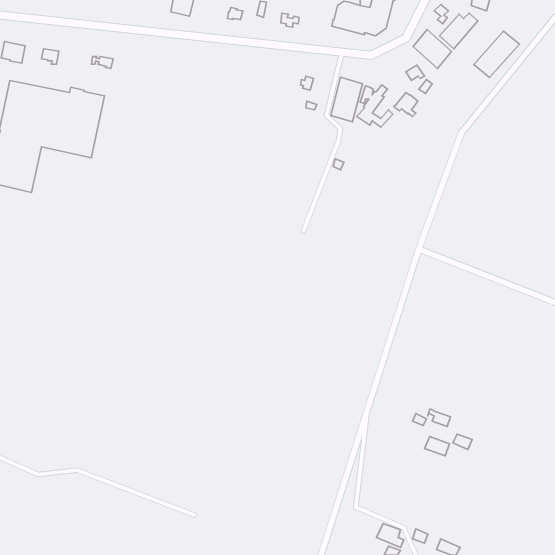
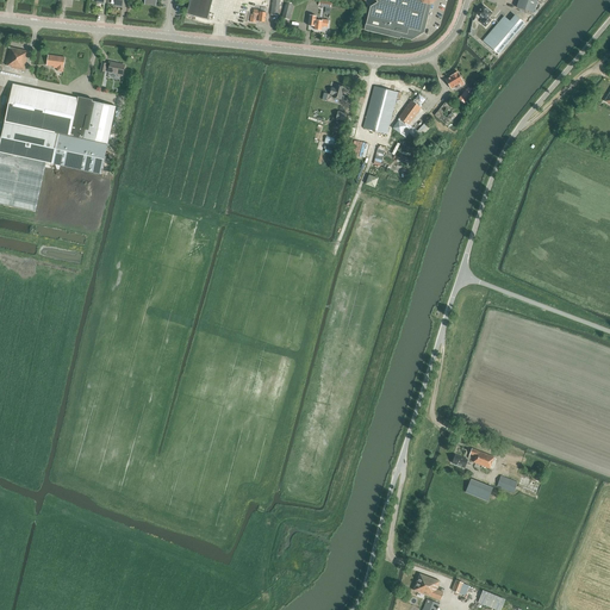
building: [413,30,452,69] -> none
building: [474,31,519,77] -> none

